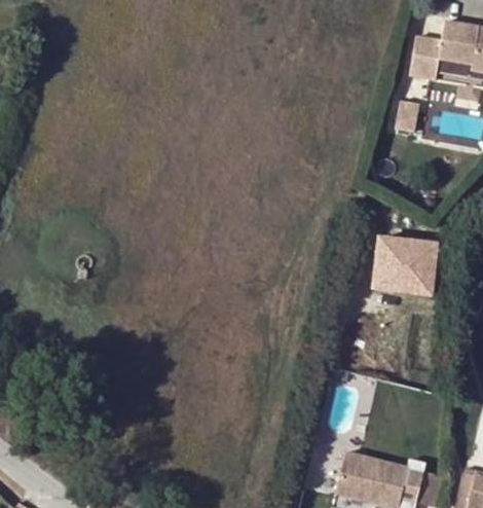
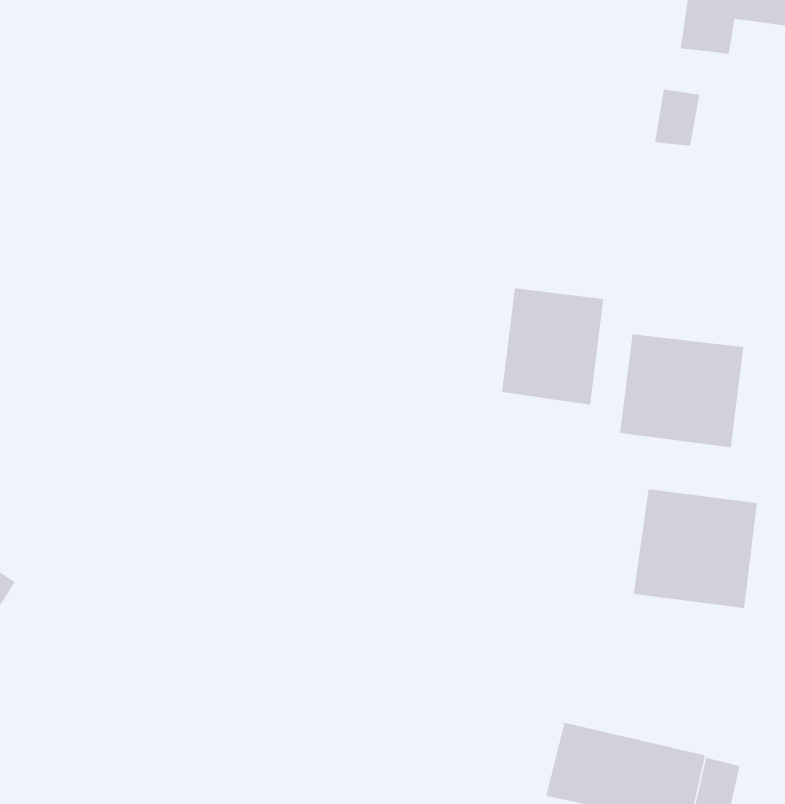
building: none -> [501,288,604,405]
building: none -> [633,489,757,609]

